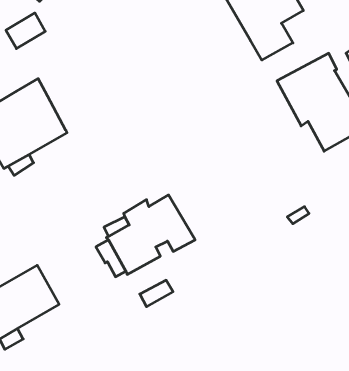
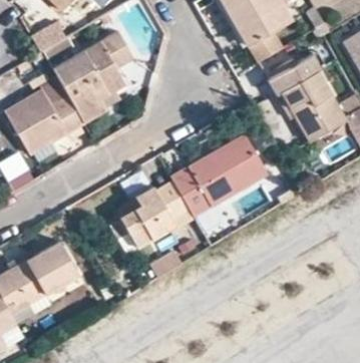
building: none -> [55,30,134,123]
building: none -> [171,132,269,232]

